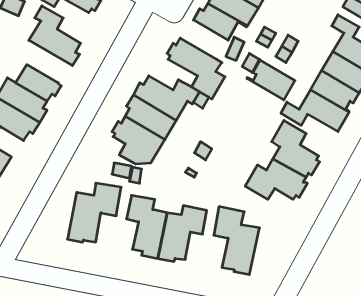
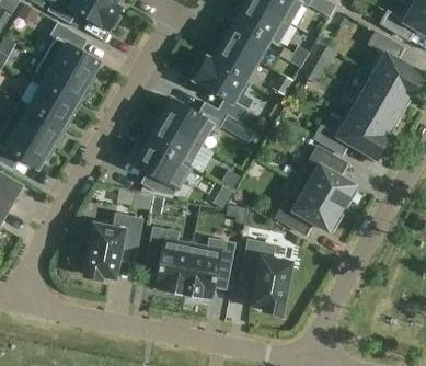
building: none -> [32,59,90,105]
building: [247,60,295,100] -> [206,37,257,80]

